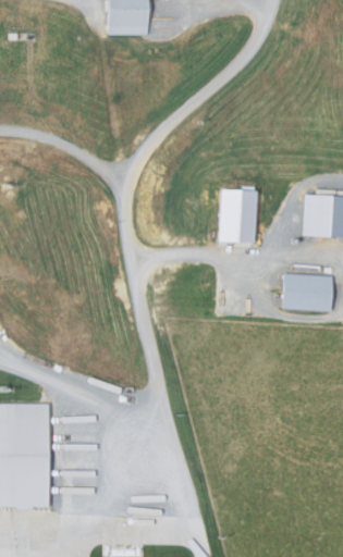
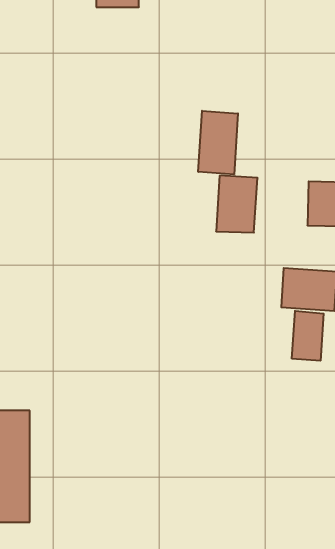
building: none -> [198,111,238,174]
building: none -> [292,311,324,361]

